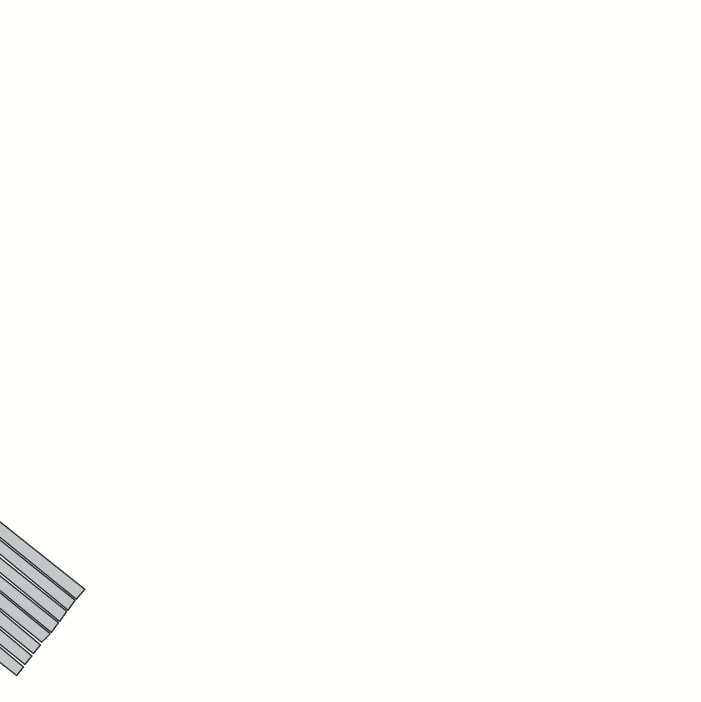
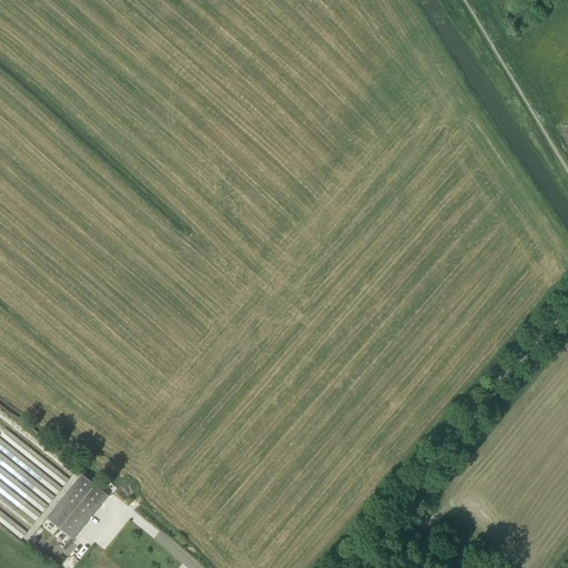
building: none -> [38,481,100,547]

